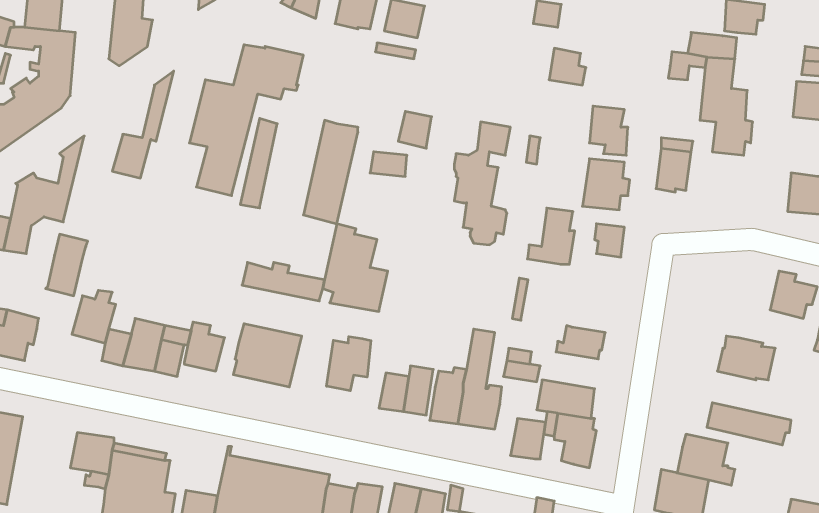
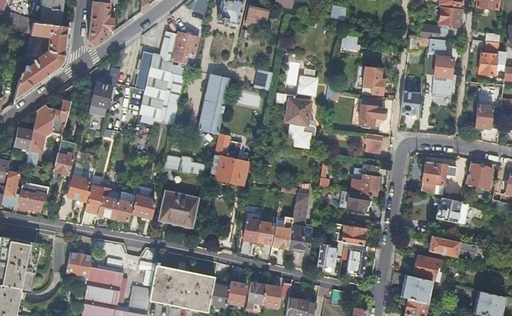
building: [527,208,575,264] -> [352,164,379,196]
building: none -> [421,162,455,194]
building: [327,337,371,391] -> none

